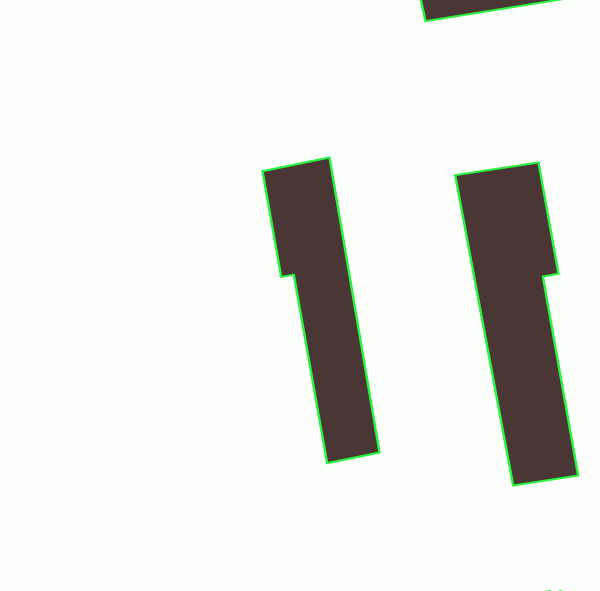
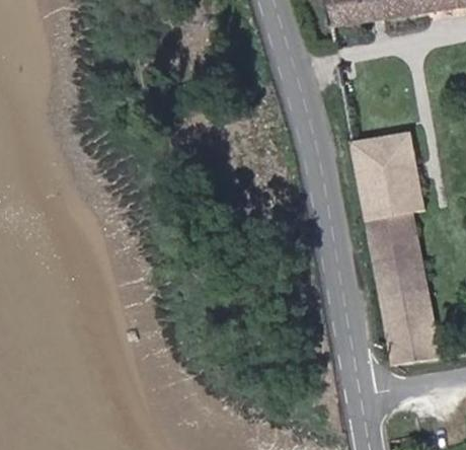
building: [262,157,380,463] -> none

